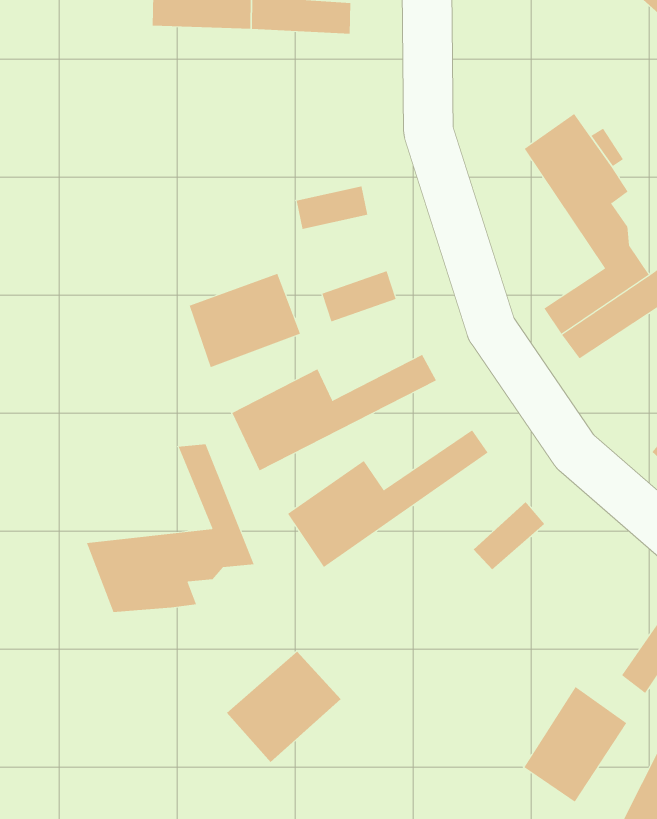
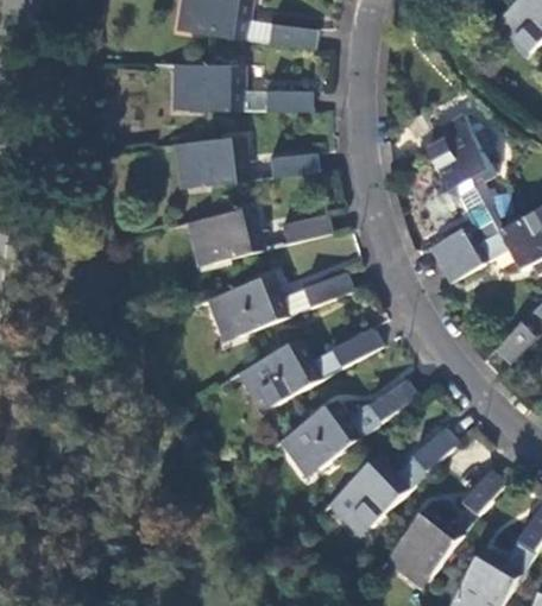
building: none -> [175,64,309,109]
building: none -> [175,134,245,190]
building: [86,444,254,613] -> none
building: none -> [329,425,458,537]
building: [226,651,341,763] -> [279,403,359,478]

